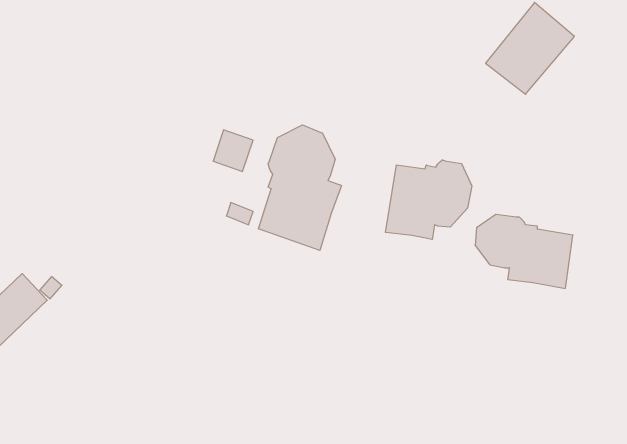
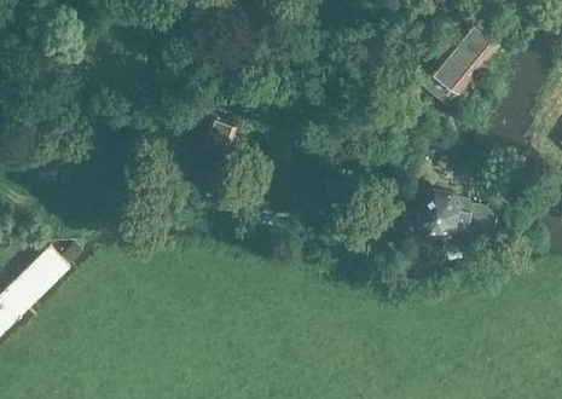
building: [258,125,342,250] -> none
building: [385,160,472,240] -> none

